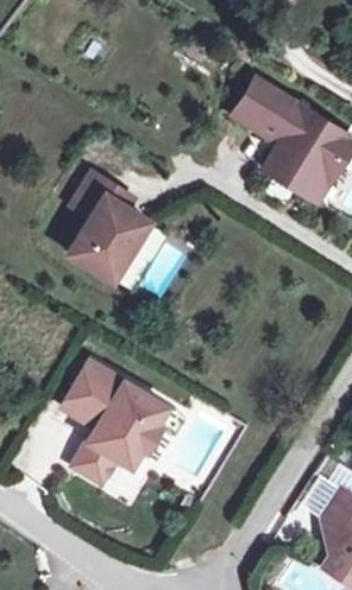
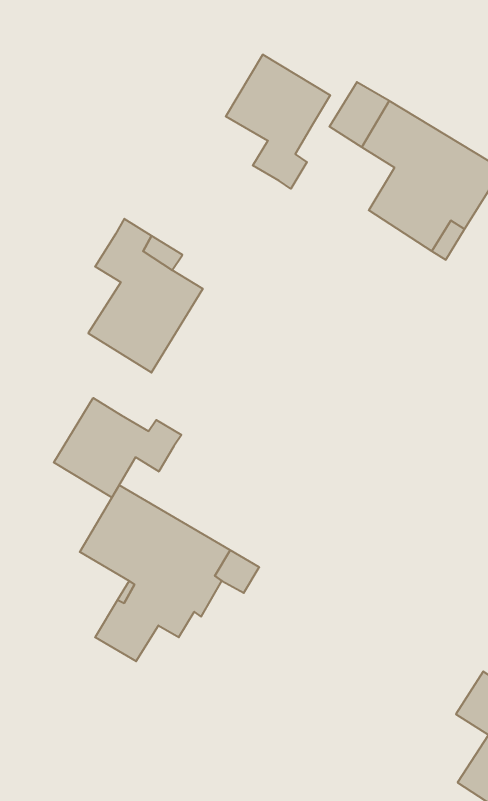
building: none -> [226,54,330,189]
building: none -> [54,398,181,497]

